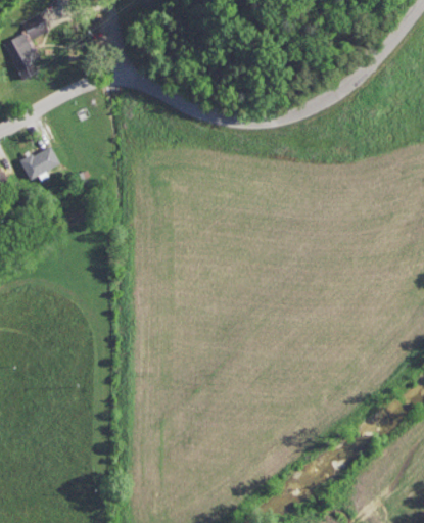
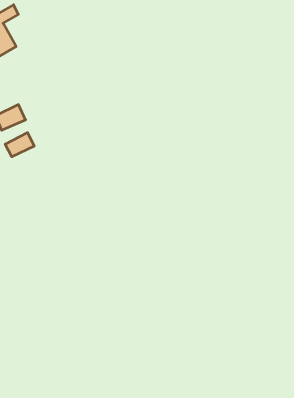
building: none -> [5,133,34,157]

